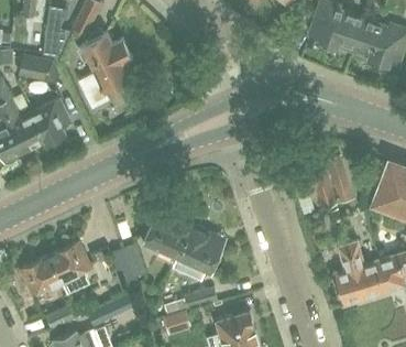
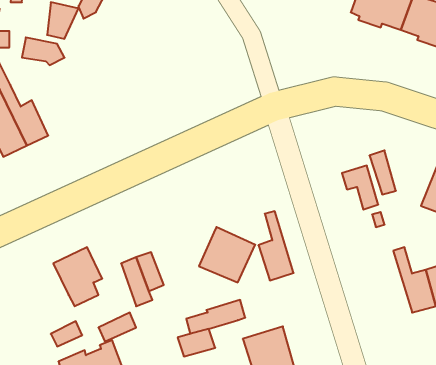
building: [77,33,140,109] -> none
building: [30,98,70,143] -> none
building: [142,208,191,258] -> none
building: [332,245,363,305] -> [258,211,294,280]
building: [19,256,62,297] -> none

